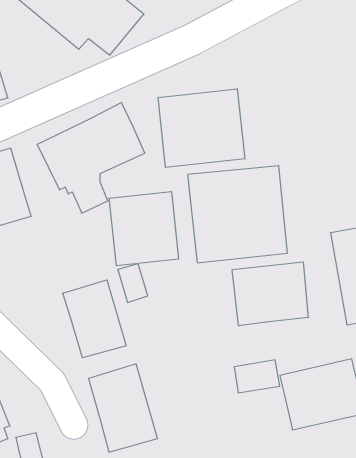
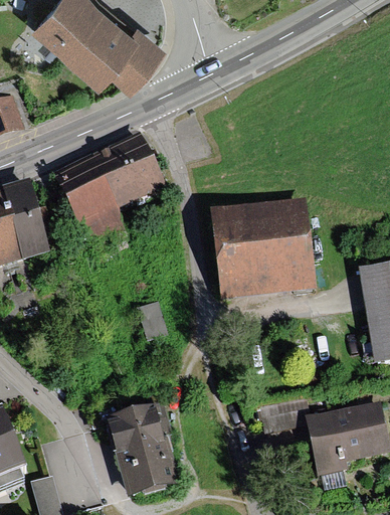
building: [158,89,245,167] -> none
building: [109,191,179,266] -> none
building: [232,262,308,326] -> none
building: [63,280,126,358] -> none

